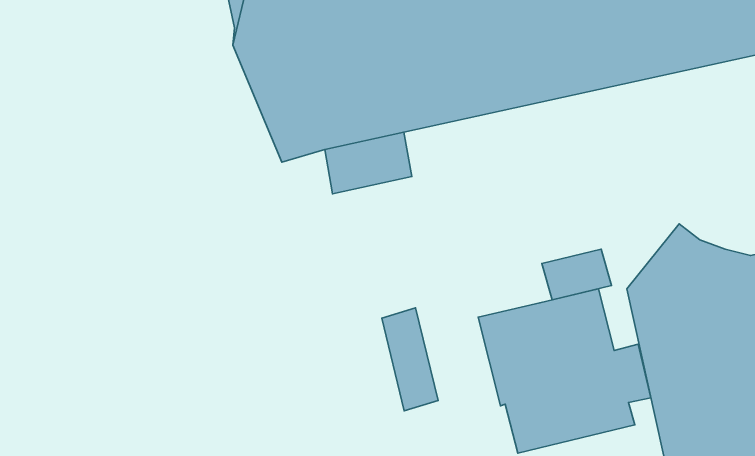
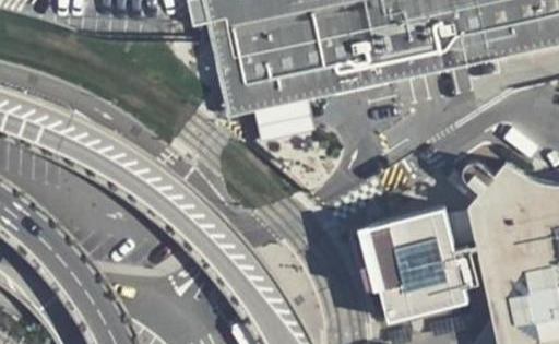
building: [542,249,611,300] -> none
building: [382,308,438,411] -> none

